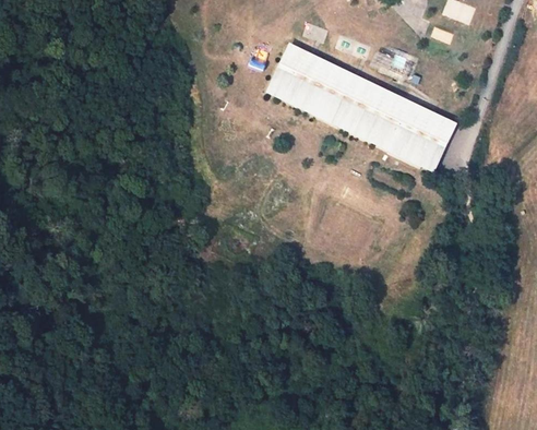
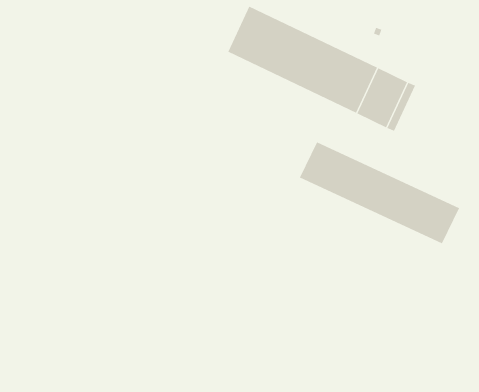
building: none -> [299,142,460,244]

